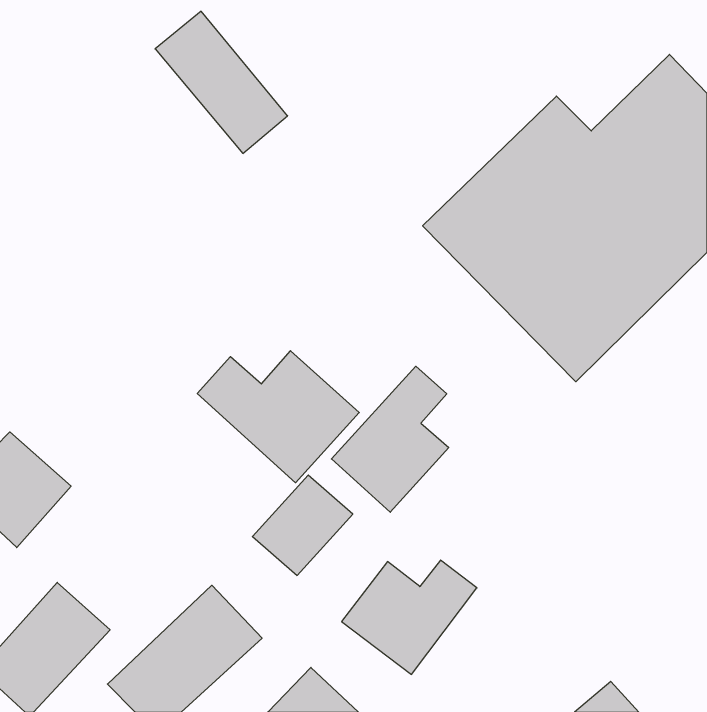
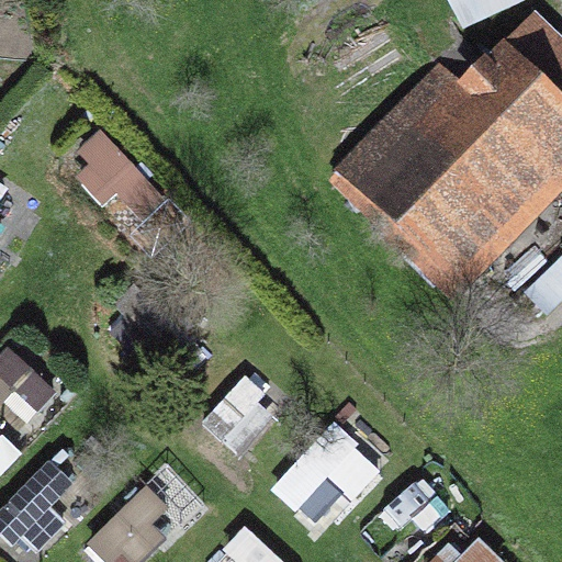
building: [155,11,288,153] -> [66,126,170,238]
building: [197,351,359,483] -> none
building: [331,366,449,512] -> none

